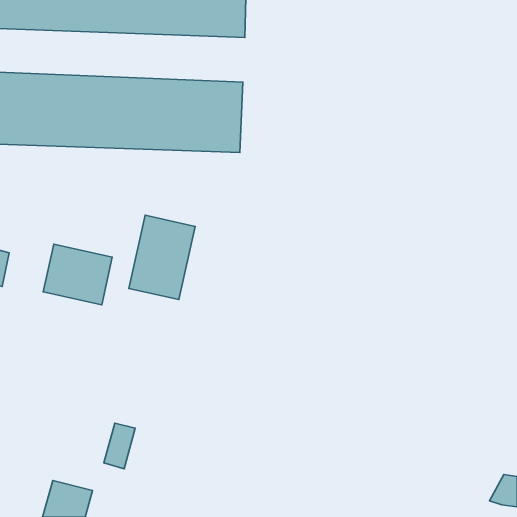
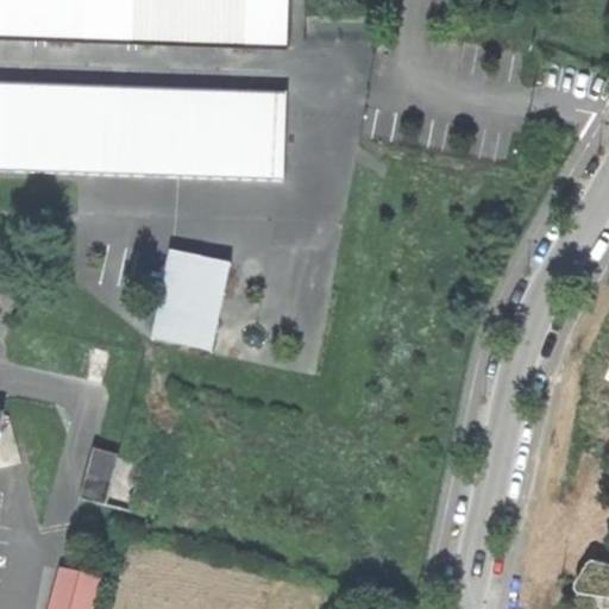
building: [43,244,112,305] -> none
building: [104,423,135,469] -> [79,450,115,503]

